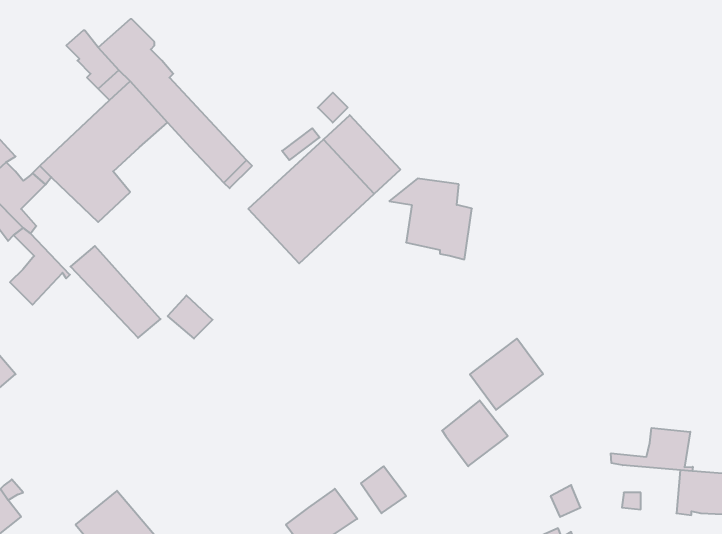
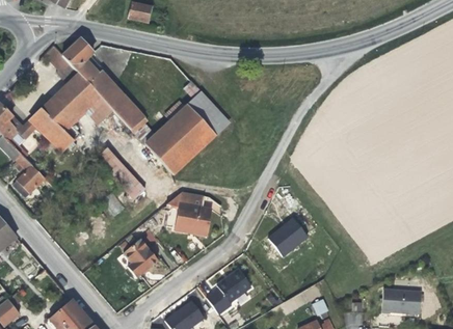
building: none -> [84,97,112,124]
building: [389,179,472,259] -> [165,192,211,237]
building: [70,246,161,338] -> [96,146,145,197]
building: none -> [123,240,158,278]
building: [442,400,508,466] -> [217,267,254,303]
building: [611,428,693,471] -> none

